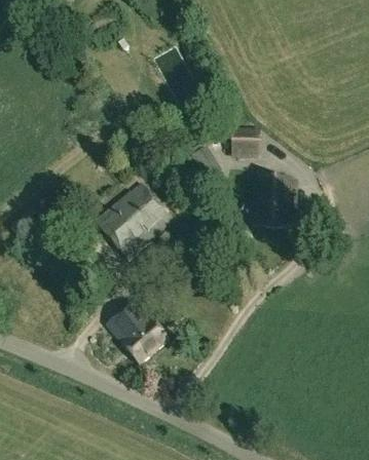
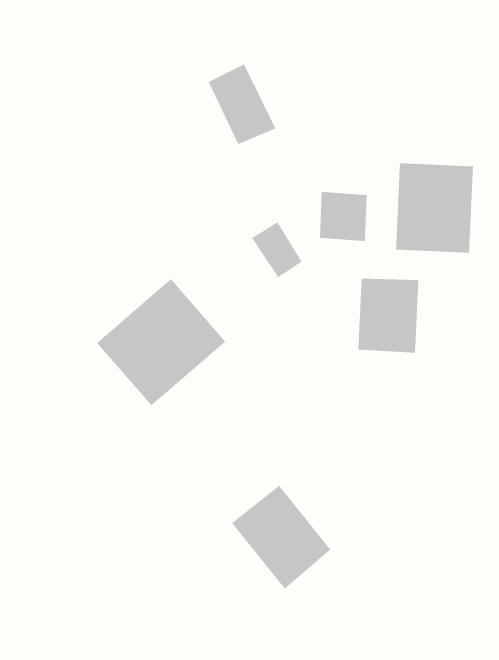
building: none -> [396,163,473,254]
building: [107,299,169,363] -> [231,485,331,590]

